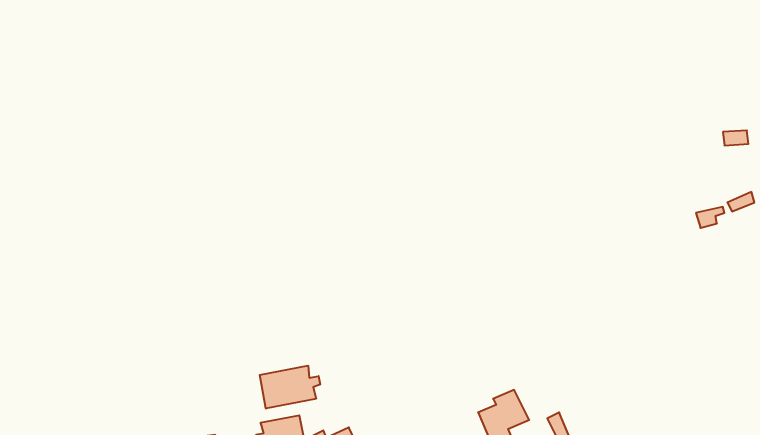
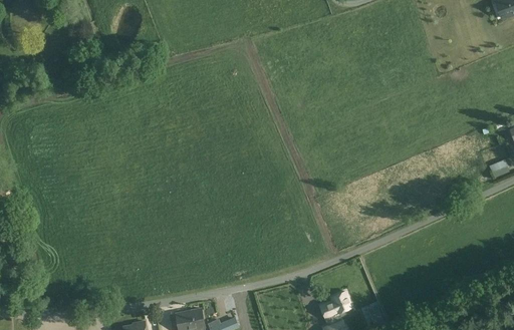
building: [260,366,320,409] -> none

